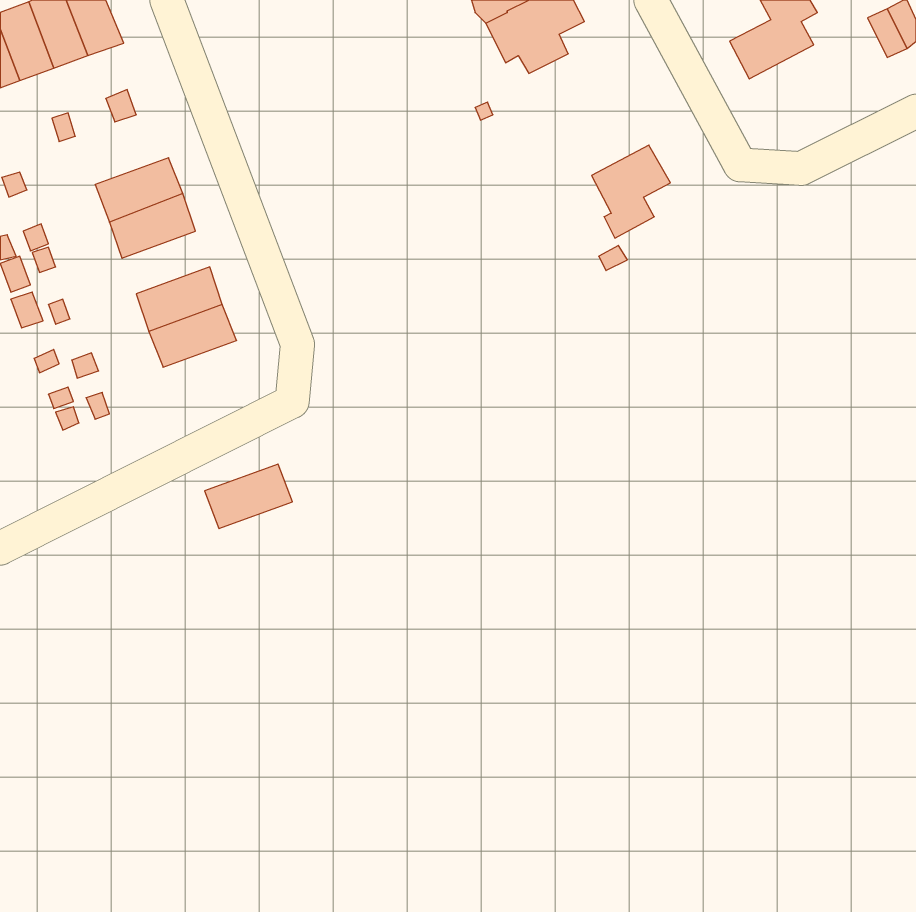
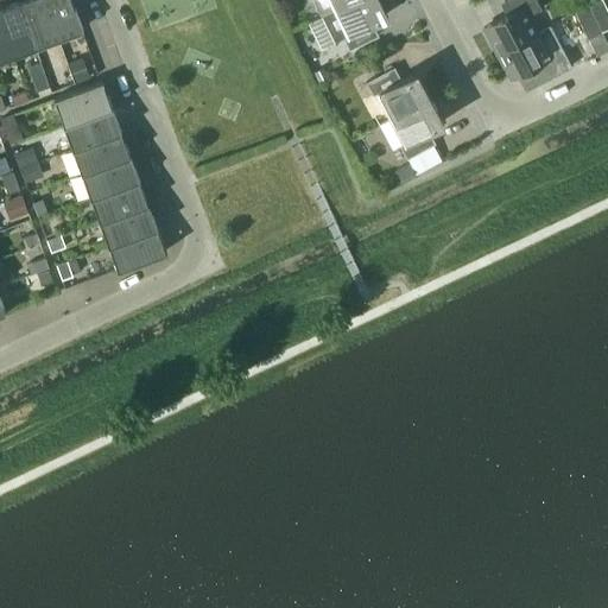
building: none -> [496,32,552,78]
building: none -> [366,69,430,119]
building: none -> [53,82,112,125]
building: none -> [81,156,139,197]
building: [205,464,292,529] -> [108,228,166,271]

